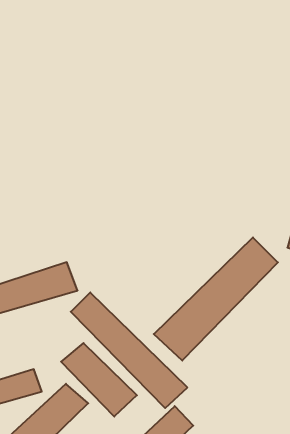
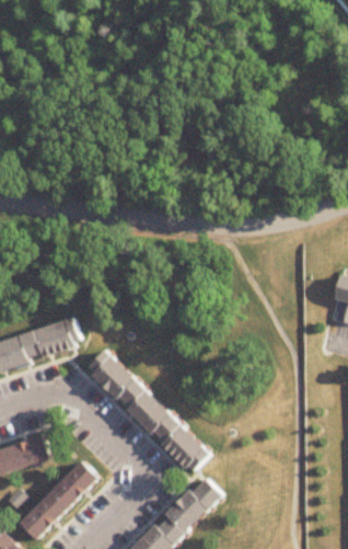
building: [154,237,278,361] -> none
building: [61,343,137,417] -> none

